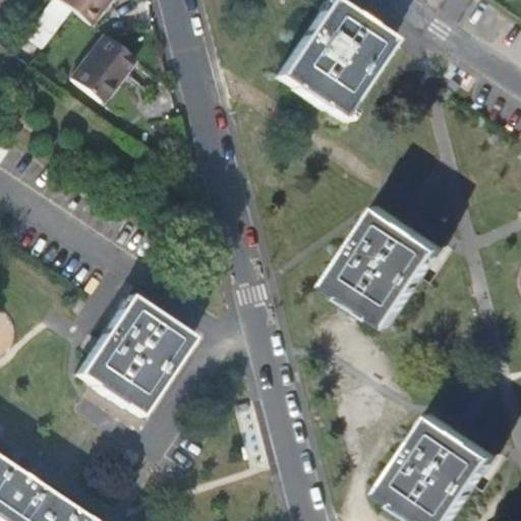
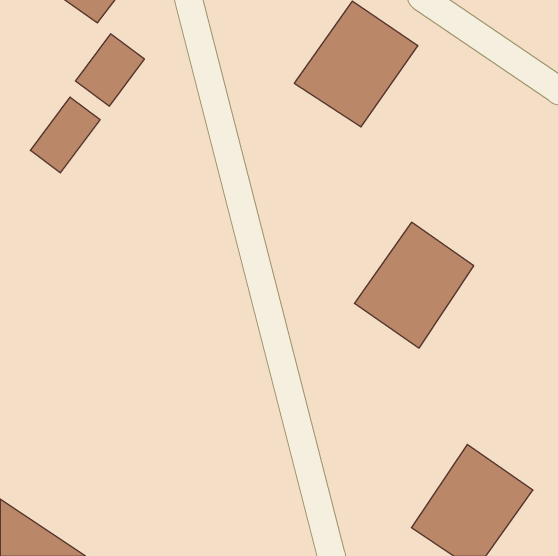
building: none -> [30,97,100,173]
building: [71,293,187,415] -> none

